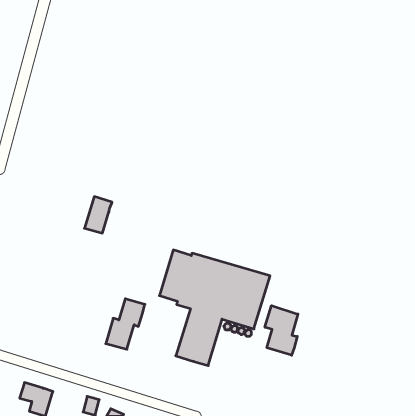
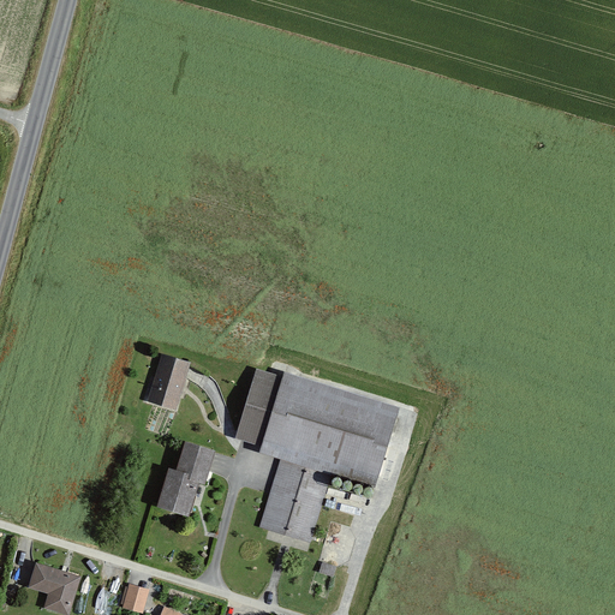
building: [84,197,112,233] -> [148,354,189,408]
building: [265,306,298,355] -> none

